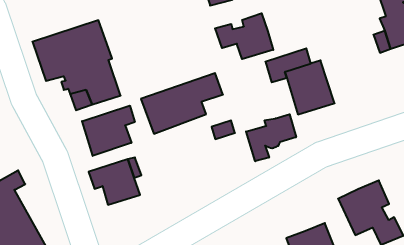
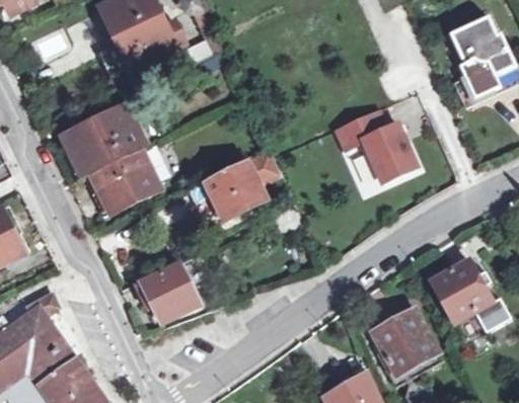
building: [215,13,273,59] -> none
building: [82,106,135,156] -> none
building: [246,114,296,161] -> none

